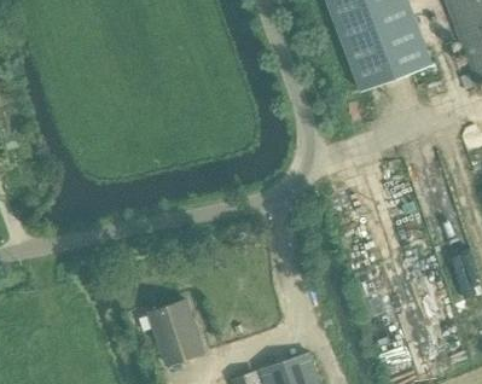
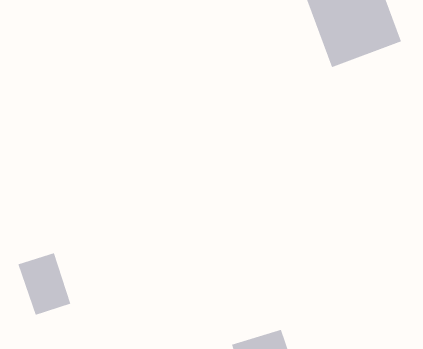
building: [149,301,203,365] -> [17,252,71,316]

